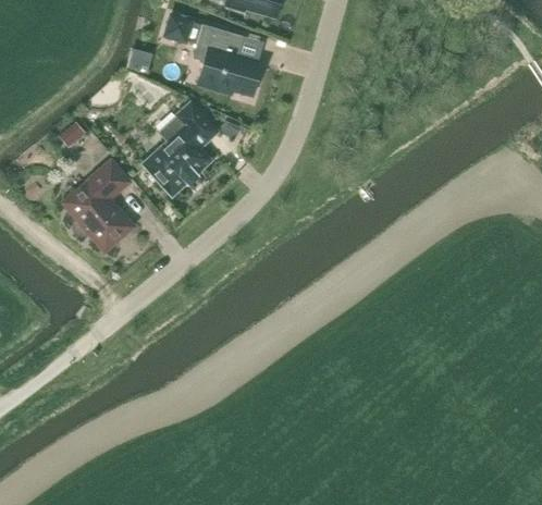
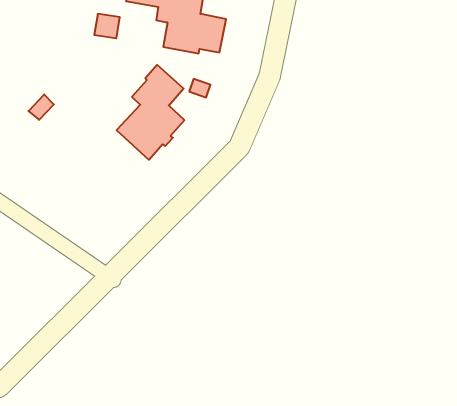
building: [62,160,134,250] -> none

